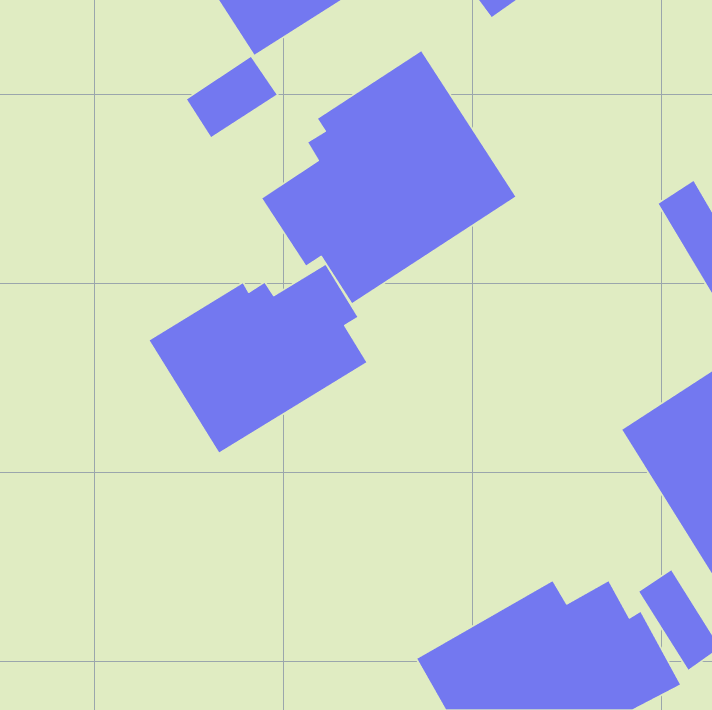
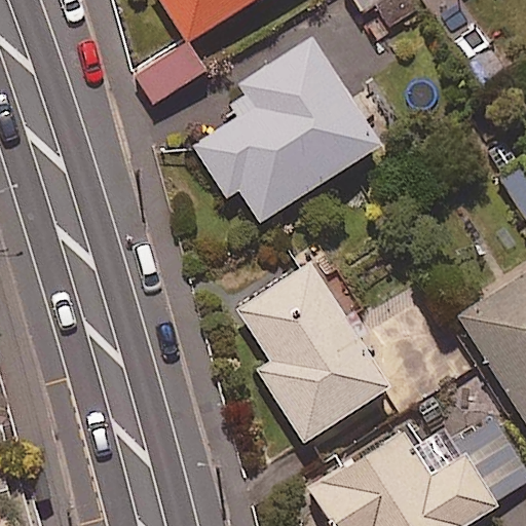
building: [148,264,367,453] -> none
building: none -> [233,261,390,444]

